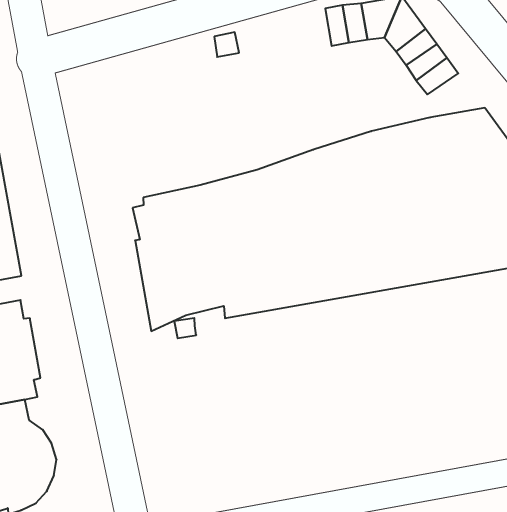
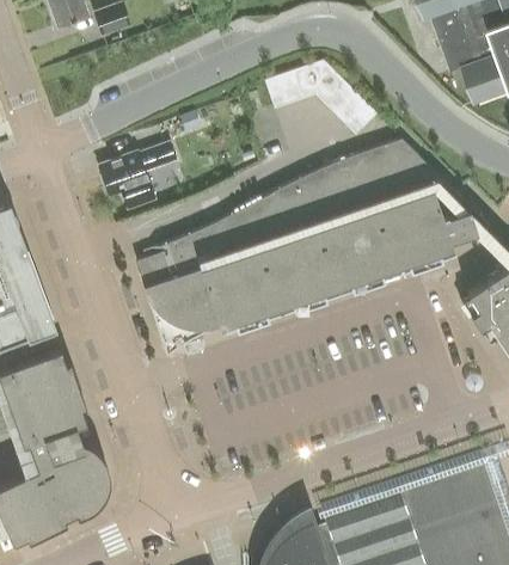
building: none -> [97,143,176,209]

